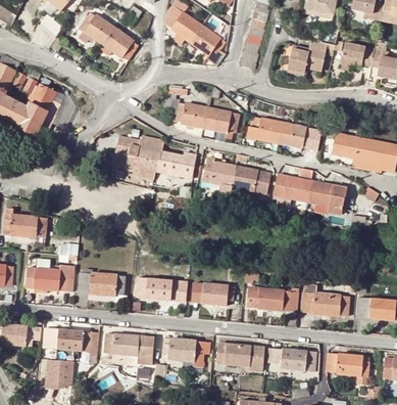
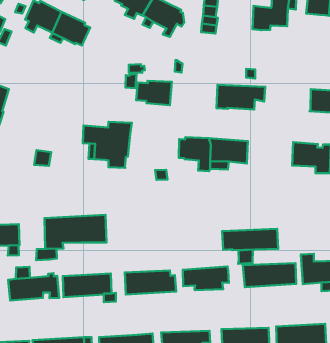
building: [202,106,239,139] -> none
building: [280,123,317,151] -> none
building: [156,149,196,177] -> none
building: [276,173,311,200] -> none
building: none -> [44,215,106,249]
building: none -> [222,229,278,250]

